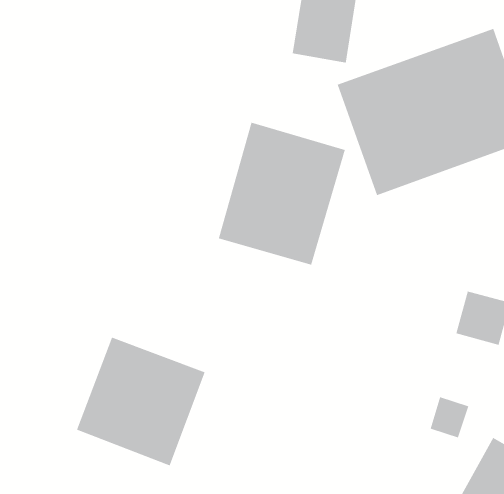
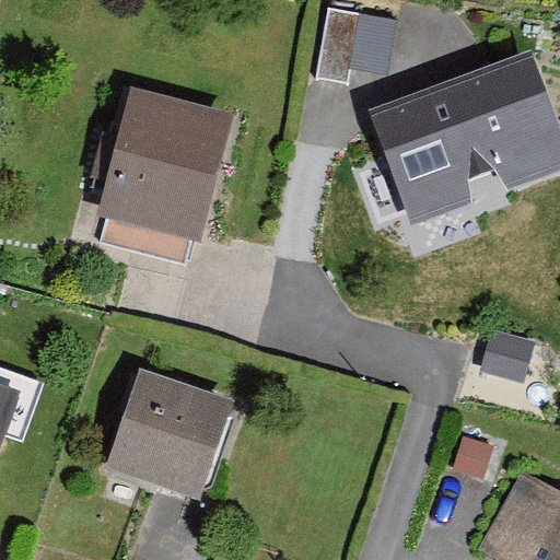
building: none -> [97,88,230,238]
building: [218,122,345,266] -> none

